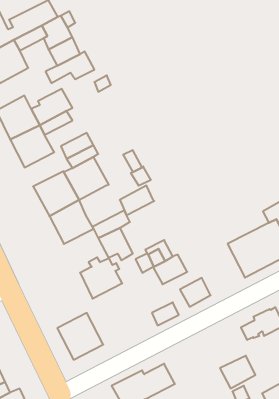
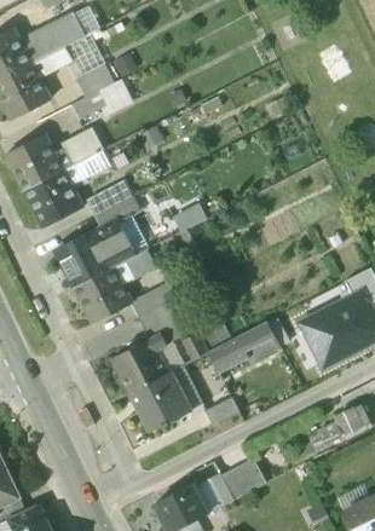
building: [120,186,154,215] -> [112,249,156,287]
building: [180,278,211,307] -> [237,322,276,358]
building: [57,313,103,360] -> [129,373,188,432]
building: [220,356,255,388] -> [220,458,265,500]

